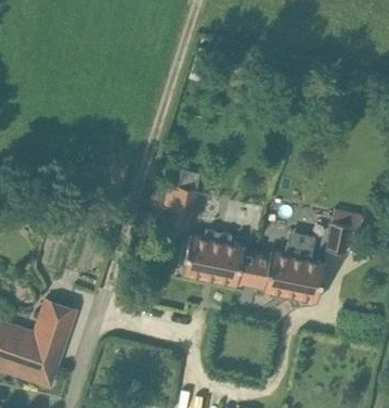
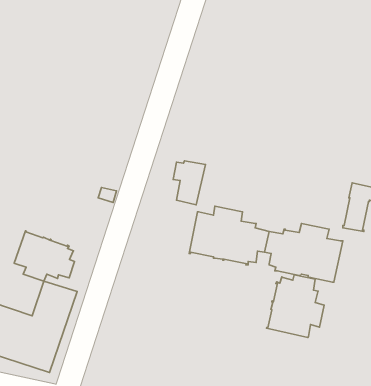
building: none -> [14,231,75,281]
building: none -> [266,275,324,337]

